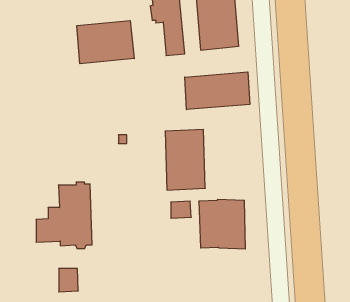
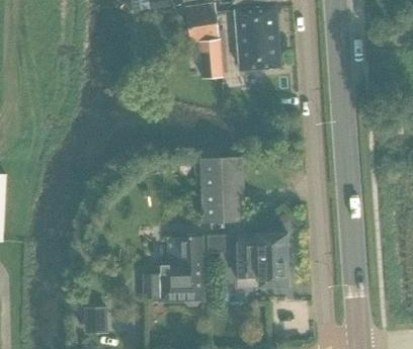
building: [77,21,134,64] -> none
building: [185,72,250,110] -> none
building: [36,182,92,249] -> [144,234,204,306]

